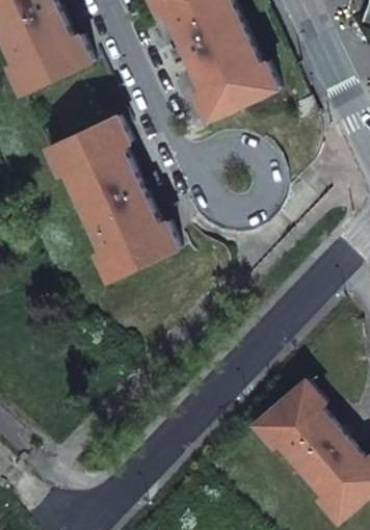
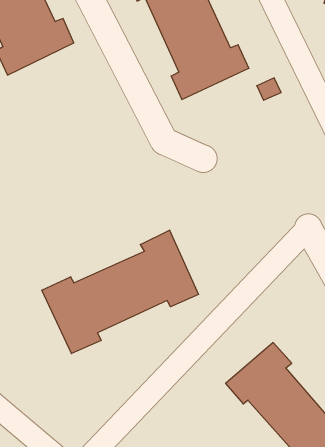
building: [46,117,179,282] -> none
building: none -> [42,230,199,354]

